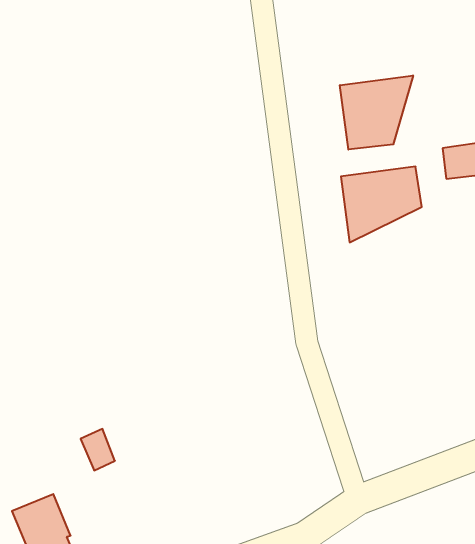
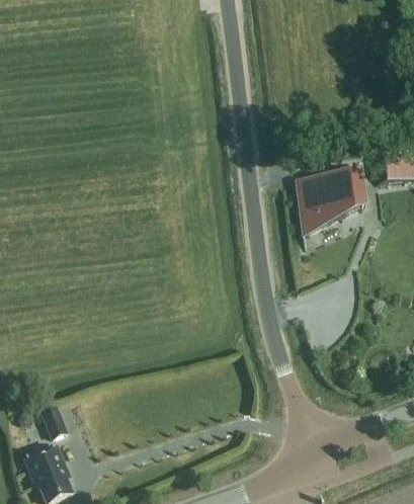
building: [340,75,413,150] -> none
building: [81,429,115,470] -> [40,404,69,438]

